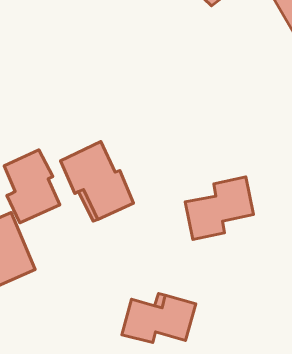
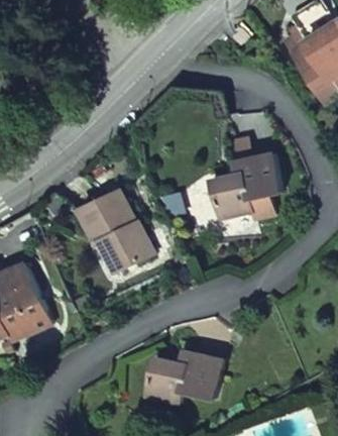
building: [4,150,60,223] -> none
building: [185,177,253,239] -> [211,151,283,217]

